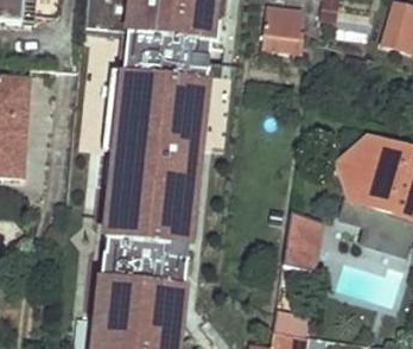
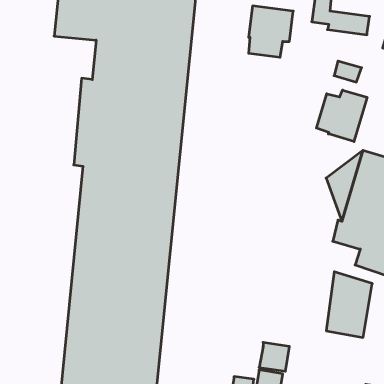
building: none -> [316,90,367,142]
building: [282,211,324,271] -> [326,272,372,337]

